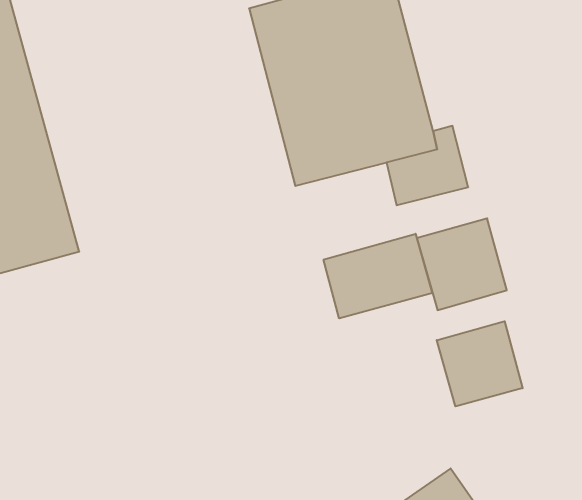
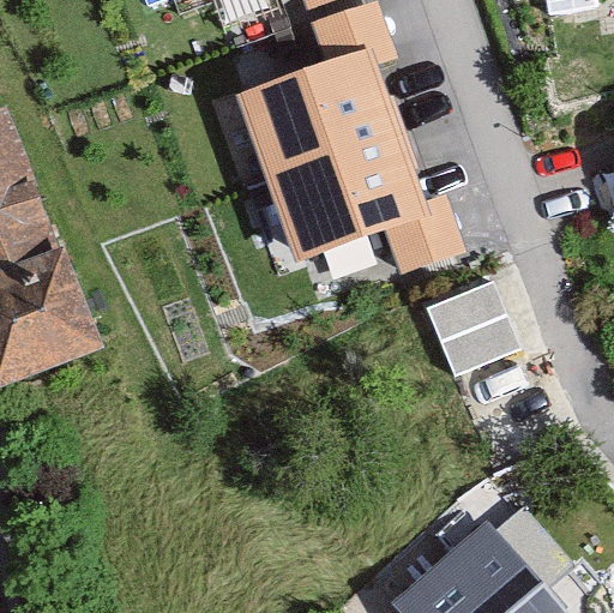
building: [324,234,432,318] -> none
building: [437,321,523,406] -> none

